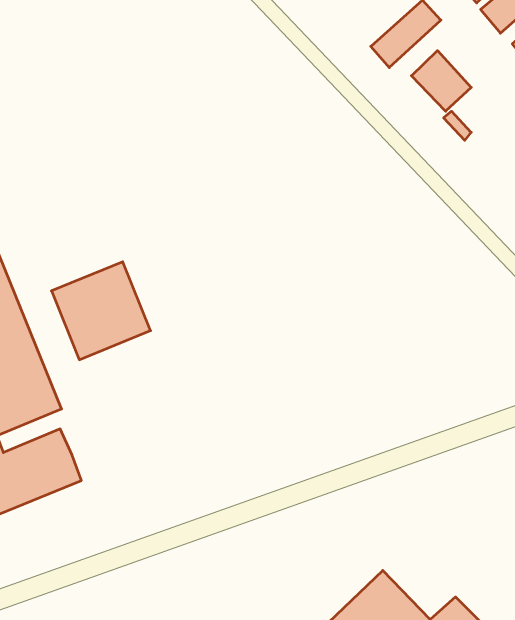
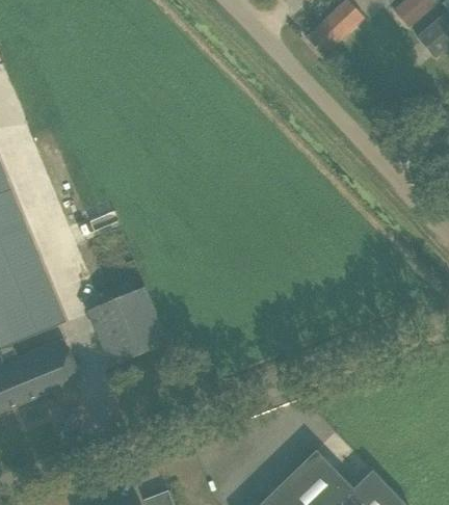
building: [411,51,471,111] -> none
building: [51,262,151,360] -> [89,288,167,365]

